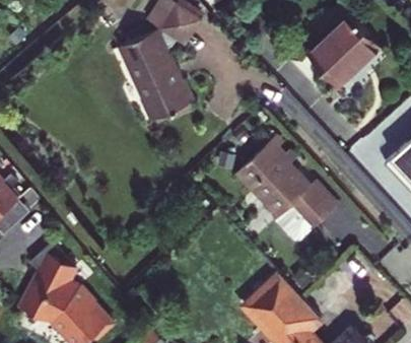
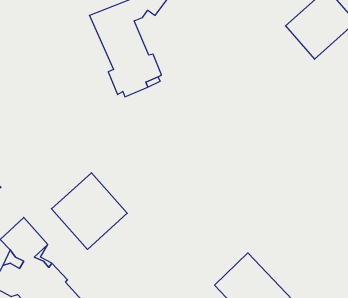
building: [234,139,334,243] -> none
building: none -> [51,173,127,249]

